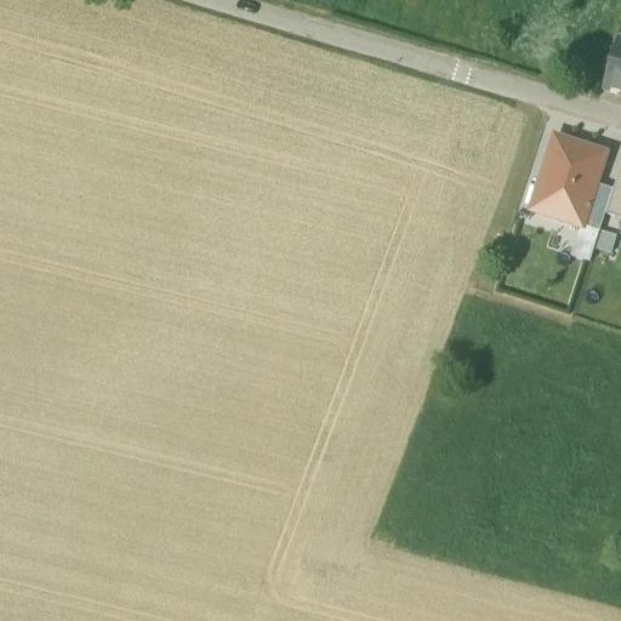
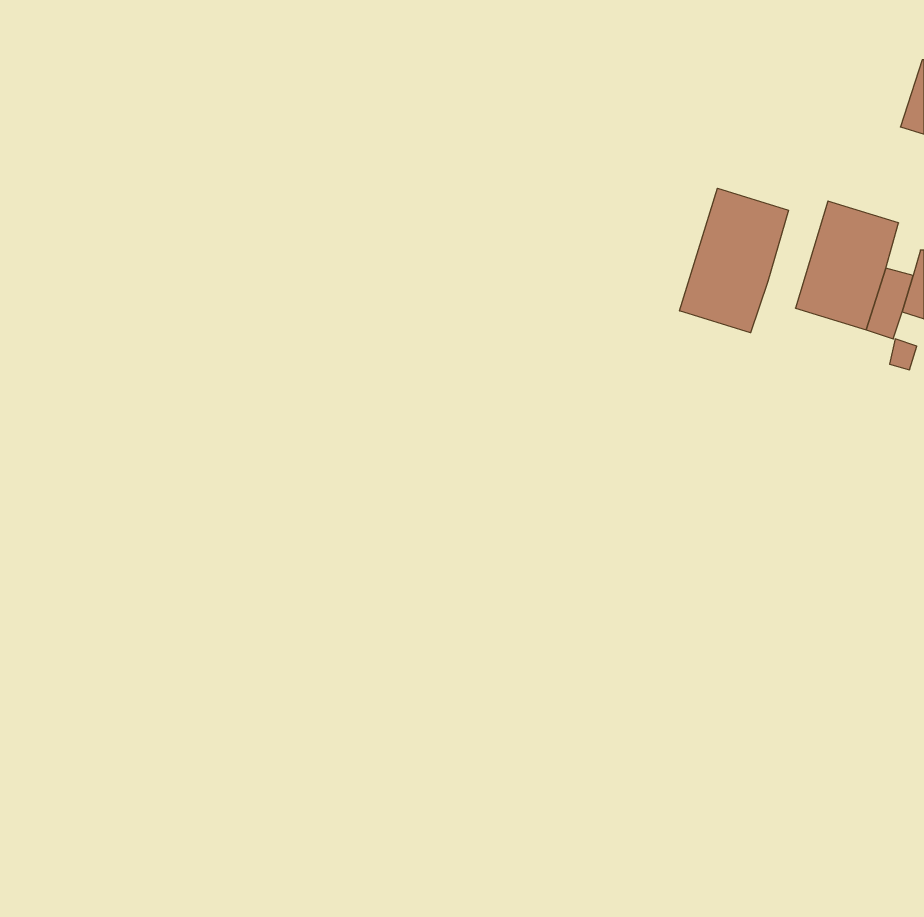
building: none -> [680,188,789,333]

